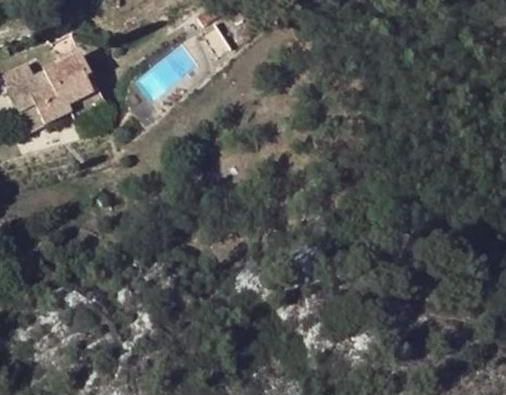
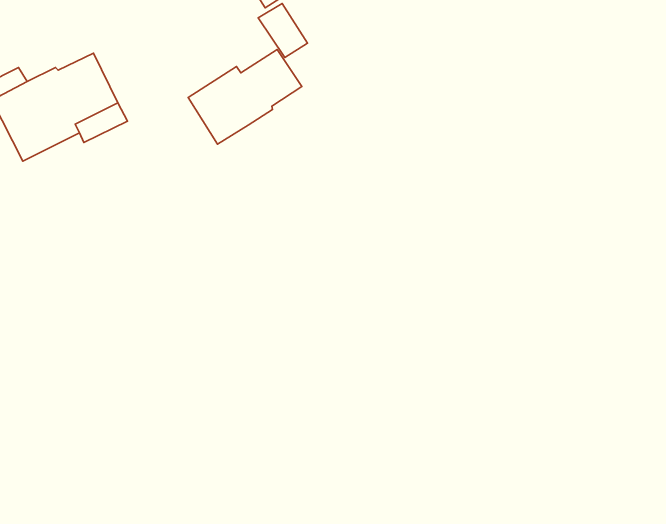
building: none -> [188,49,302,144]

